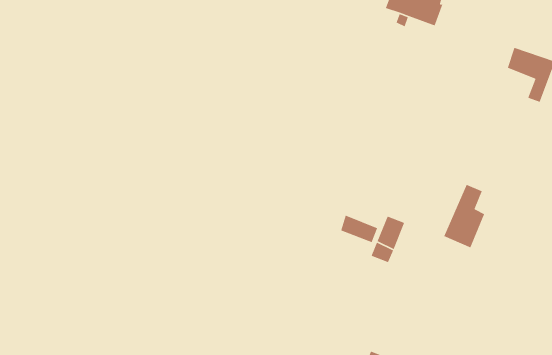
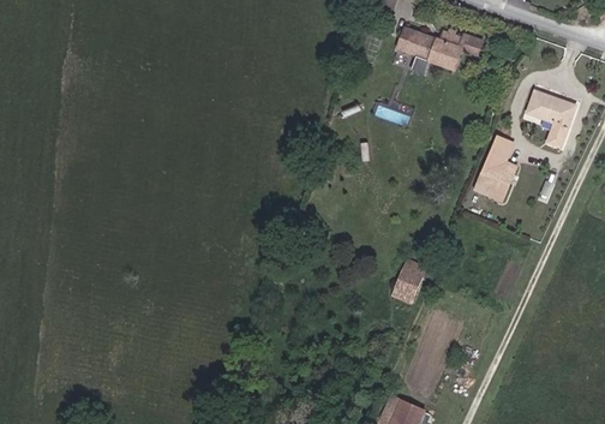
building: [443,184,485,248] -> [474,136,516,201]
building: [340,215,378,243] -> none

